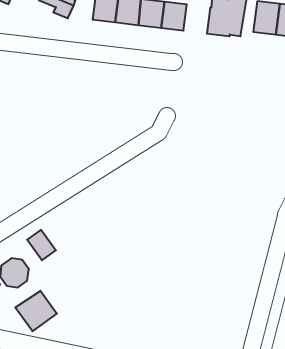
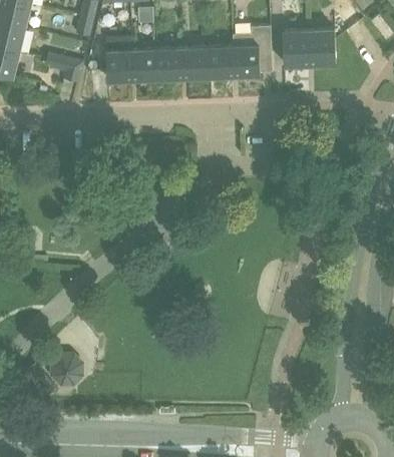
building: none -> [207,47,234,77]
building: [27,230,56,260] -> none
building: [15,291,57,331] -> none

